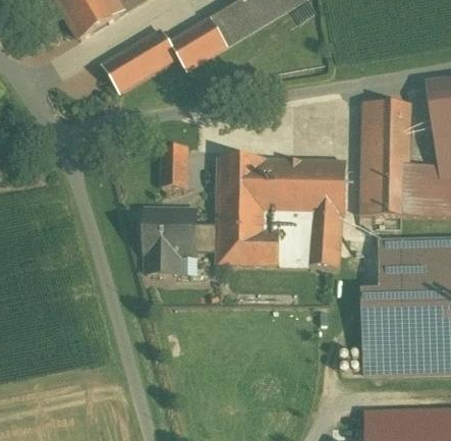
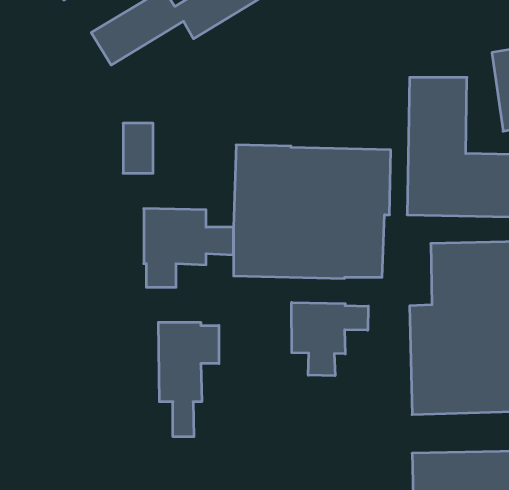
building: [162,146,186,186] -> [123,123,153,173]
building: none -> [292,302,368,376]
building: none -> [158,322,219,437]

